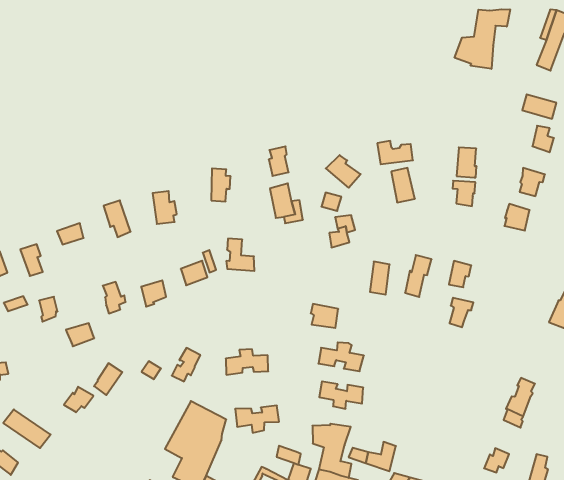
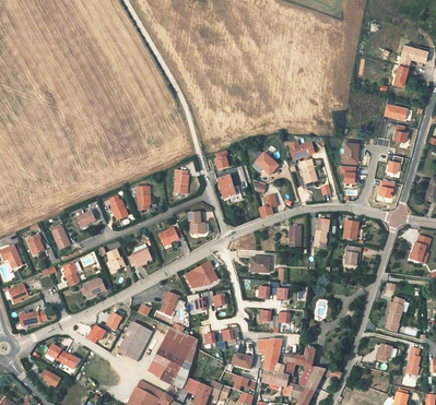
building: [455,9,510,69] -> none
building: none -> [185,260,217,287]
building: none -> [118,320,152,359]

